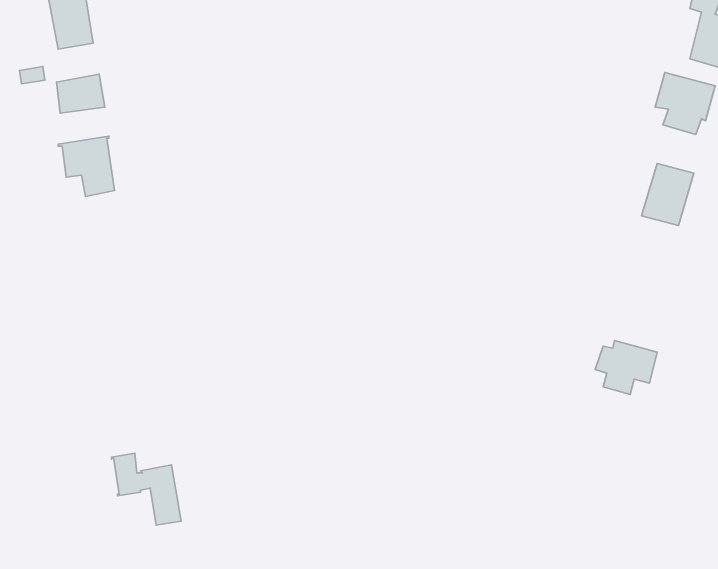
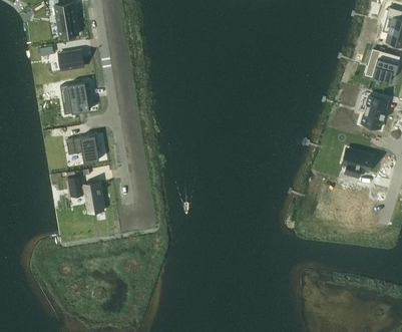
building: none -> [72,135,98,162]
building: [595,340,657,395] -> [340,149,372,178]
building: [112,453,181,525] -> [67,176,103,213]

